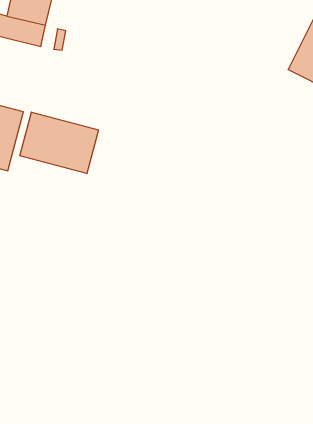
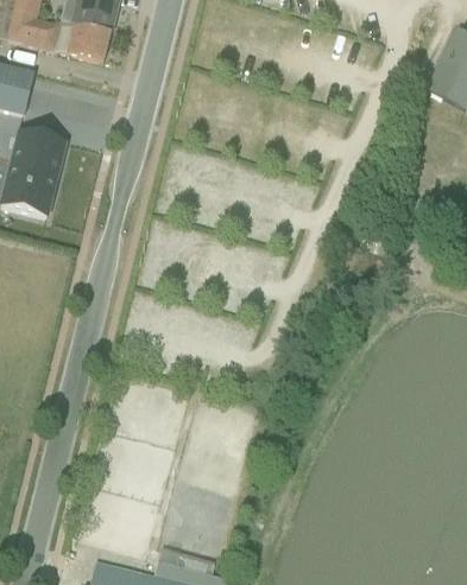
building: [20,112,99,174] -> none

